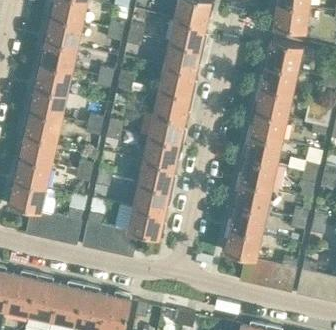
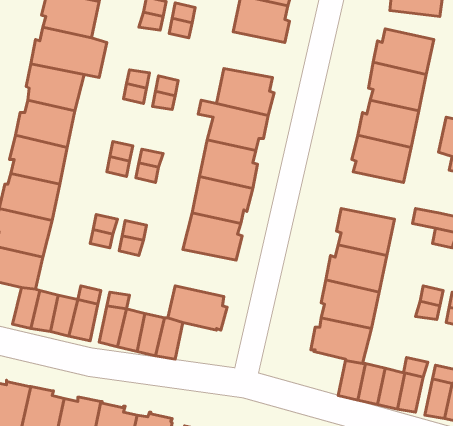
building: [164,42,204,72] -> none
building: [241,134,282,165] -> none
building: [132,185,172,216] -> none

